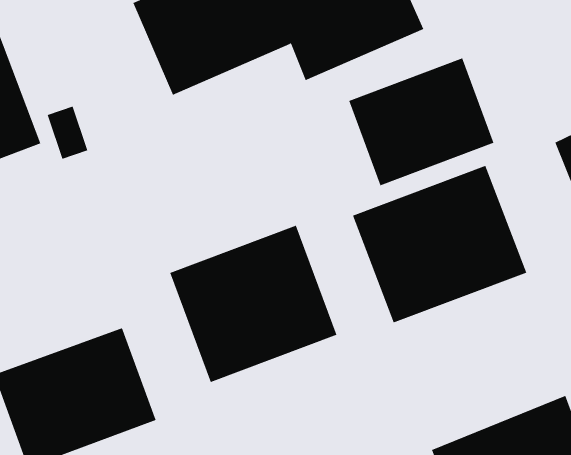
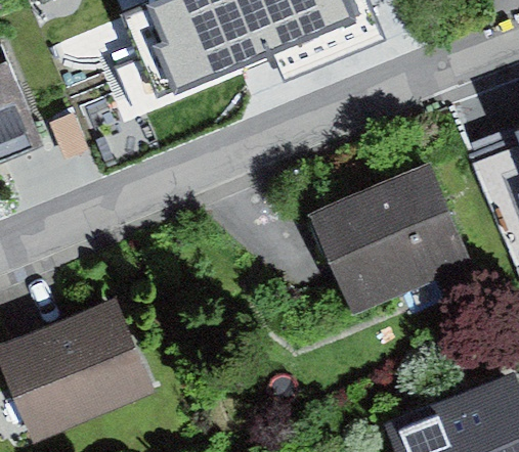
building: [349,58,494,186] -> none
building: [170,225,337,383] -> none

